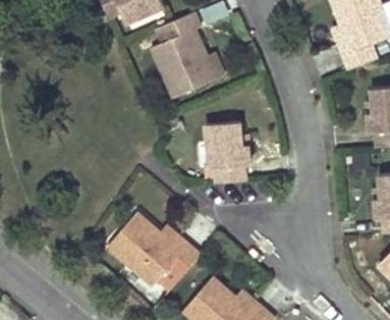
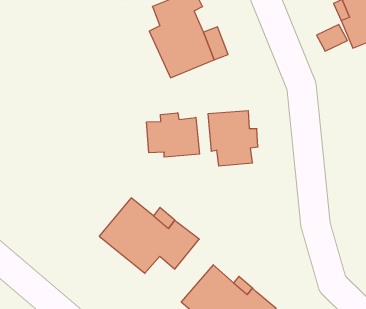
building: none -> [147,113,199,157]

